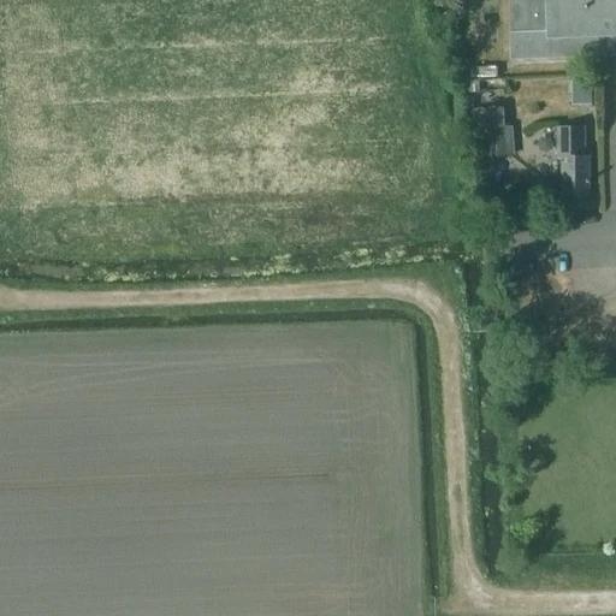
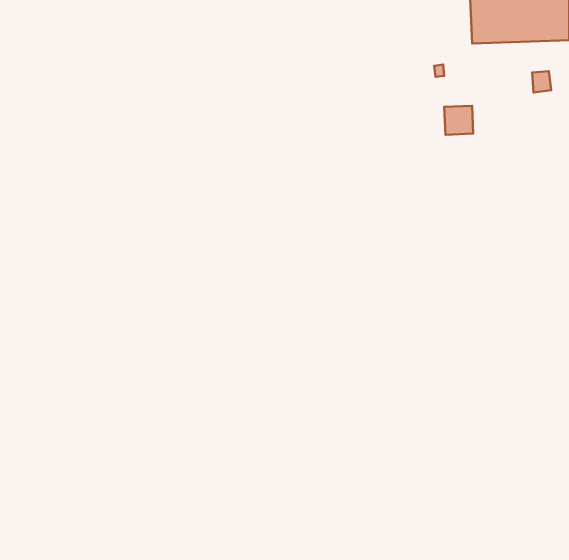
building: [557,118,591,186] -> none

